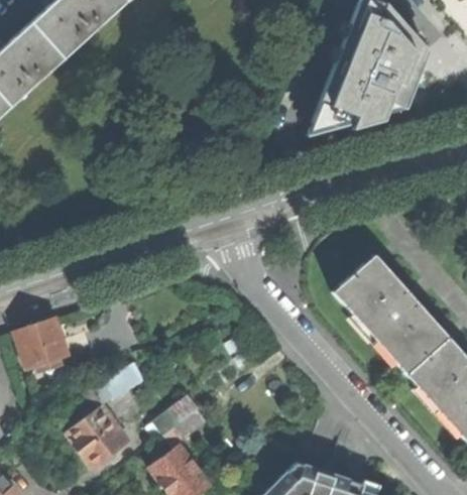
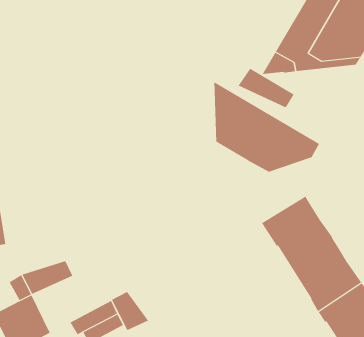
building: none -> [238,68,295,108]
building: none -> [214,81,320,173]
building: none -> [111,291,149,331]

